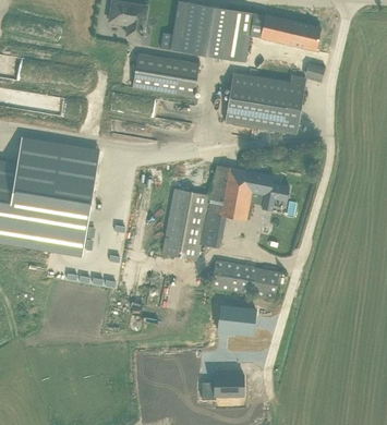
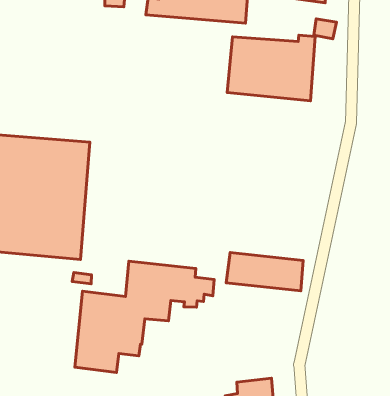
building: [132,52,197,97] -> none
building: [160,165,288,260] -> [75,261,214,373]
building: [215,305,254,336] -> none

